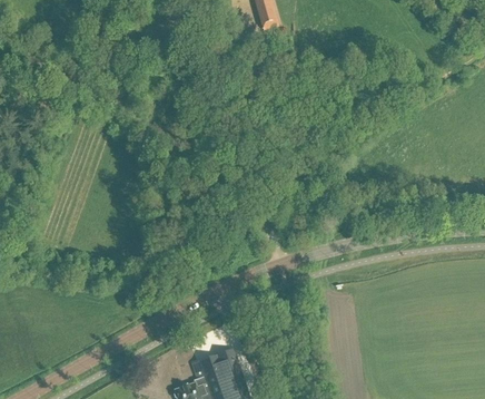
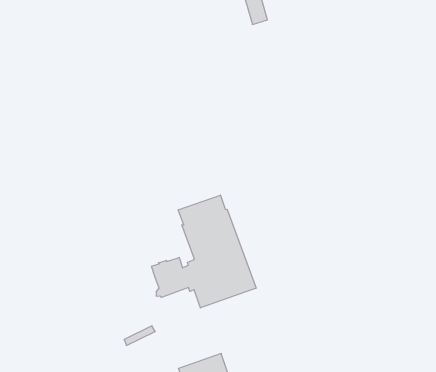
building: none -> [152,195,256,308]

